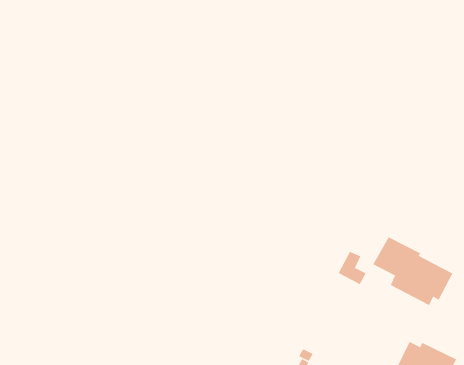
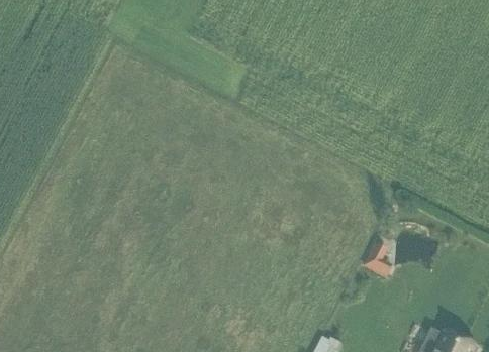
building: [372,237,453,306] -> none

